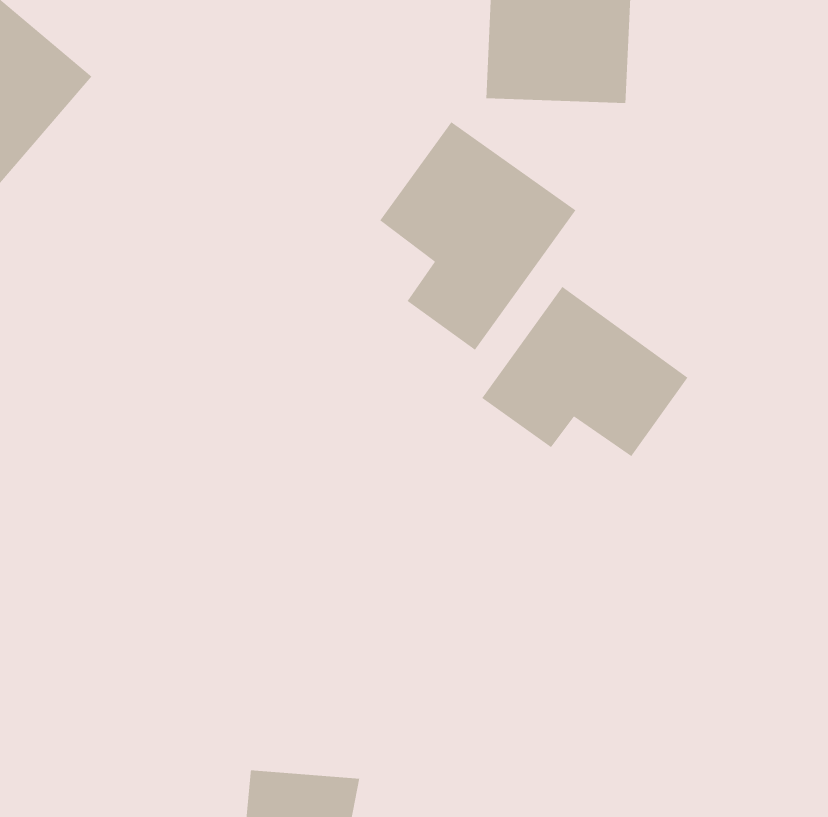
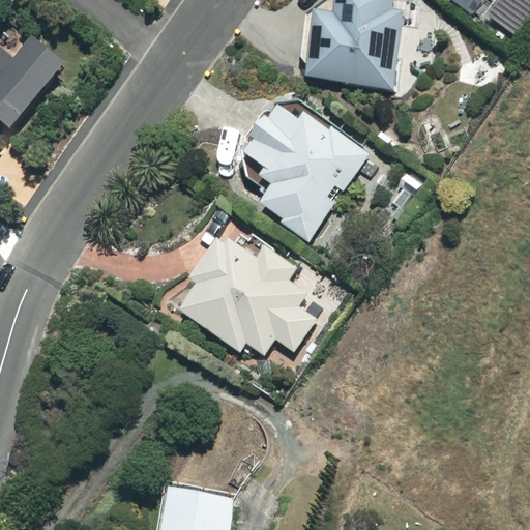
building: [481,286,689,457] -> none
building: none -> [181,231,323,359]

